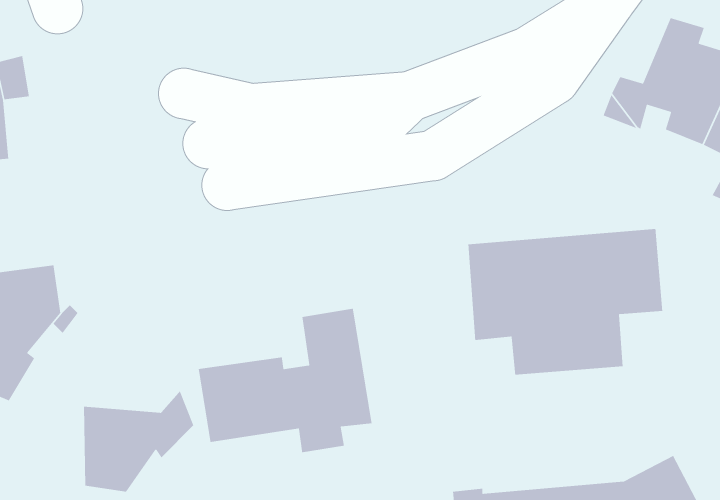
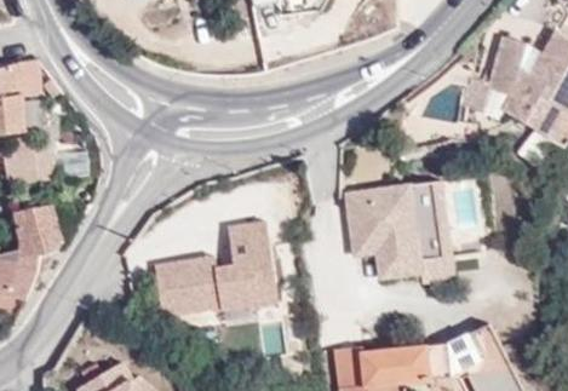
building: [83,390,194,492] -> none

